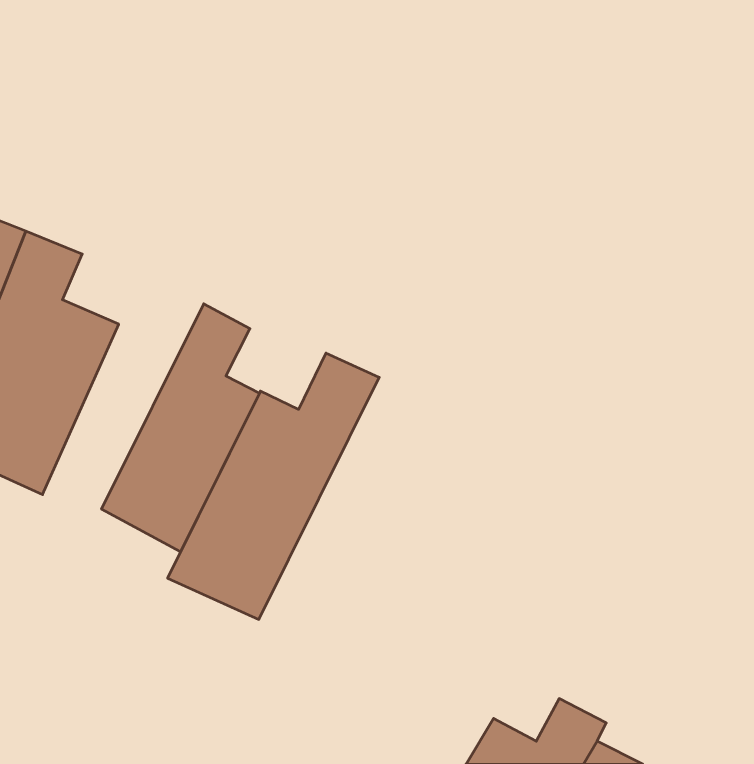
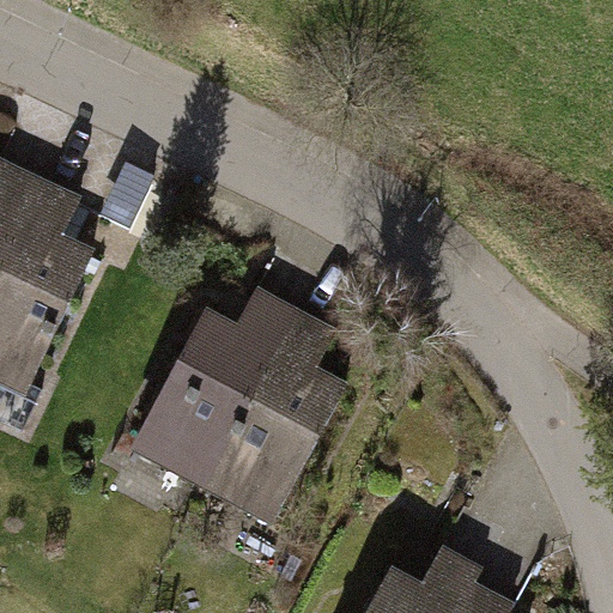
building: [102,304,259,552] -> none
building: none -> [204,297,356,524]

